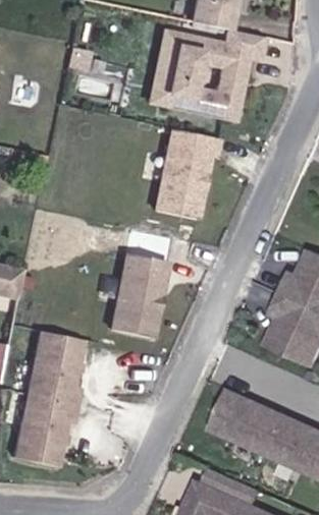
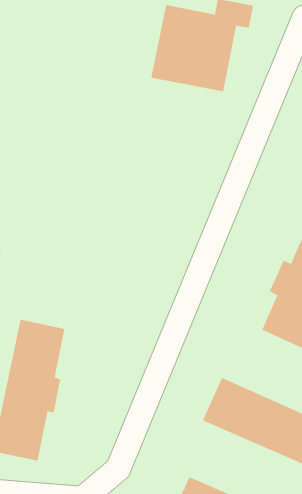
building: [155,128,217,218] -> none
building: [112,252,167,337] -> none

